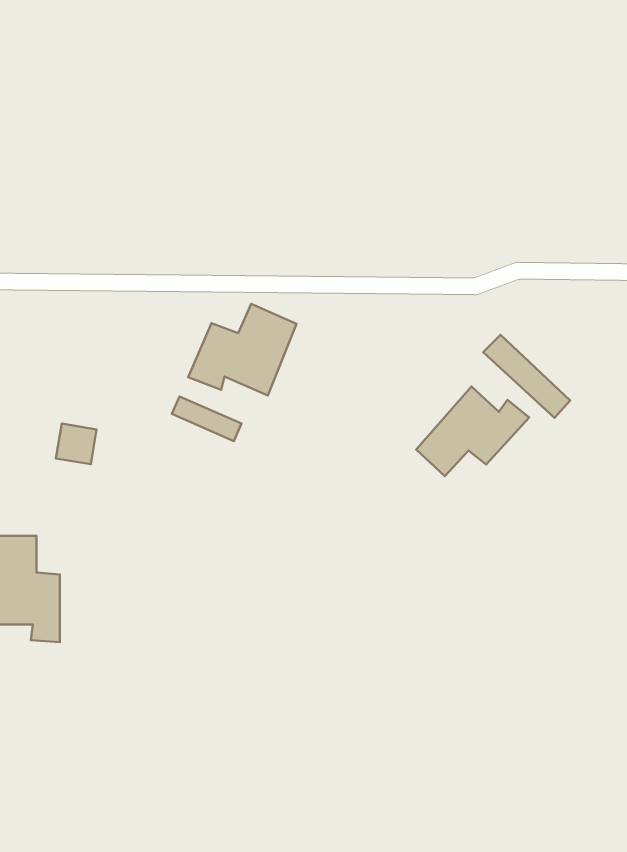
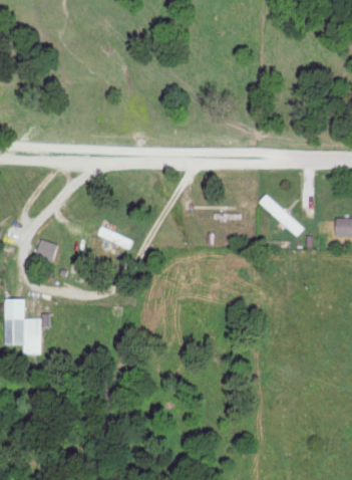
building: [188,304,296,395] -> none
building: [416,387,529,476] -> none

